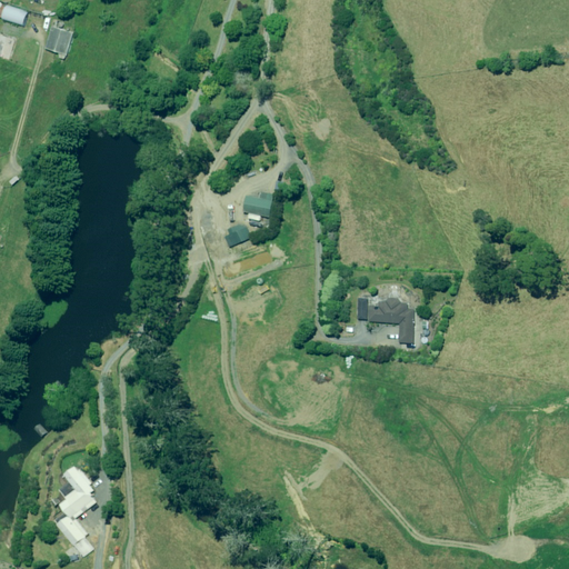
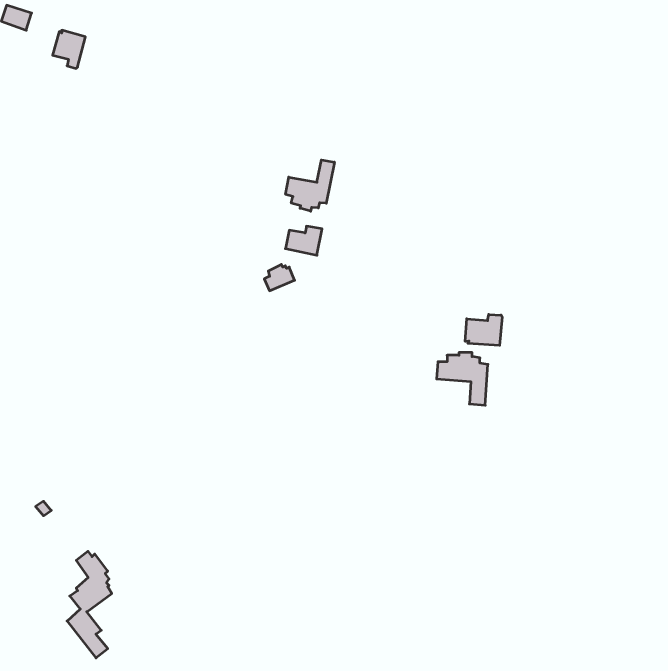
building: none -> [286,160,334,211]
building: none -> [465,314,502,345]

